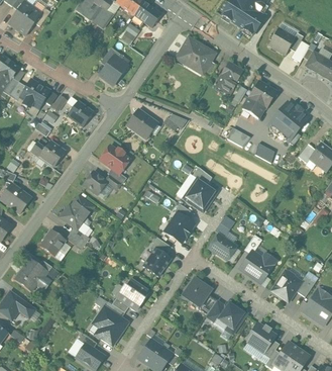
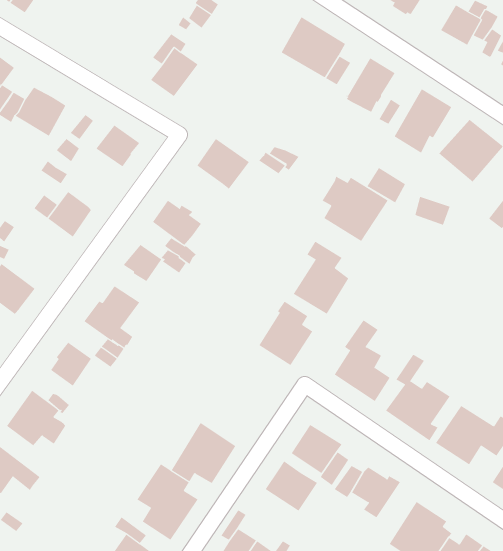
building: none -> [322,176,388,242]
building: [142,239,172,277] -> none
building: none -> [265,461,318,511]

